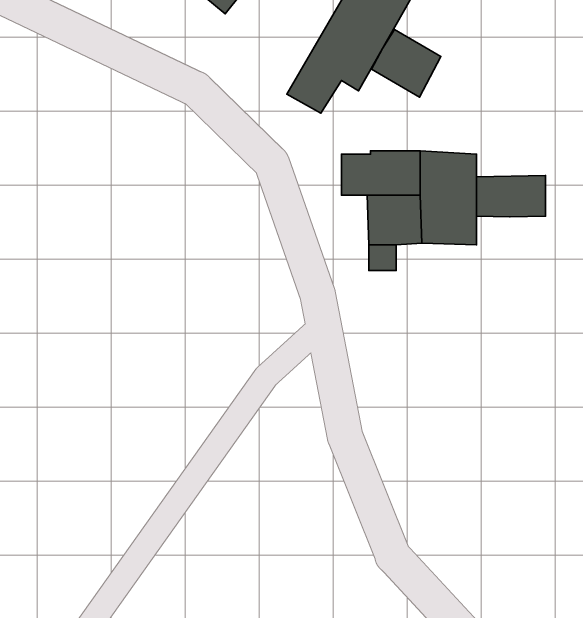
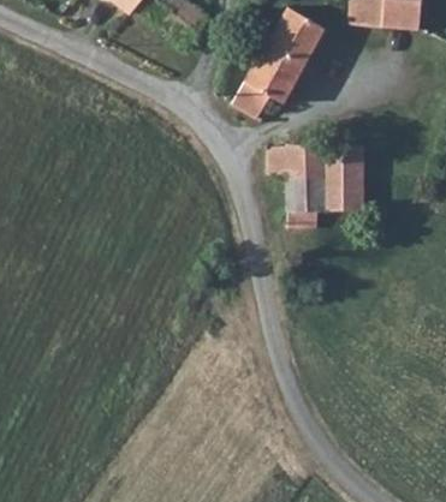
building: [372,30,441,97] -> none
building: [477,175,545,217] -> none

